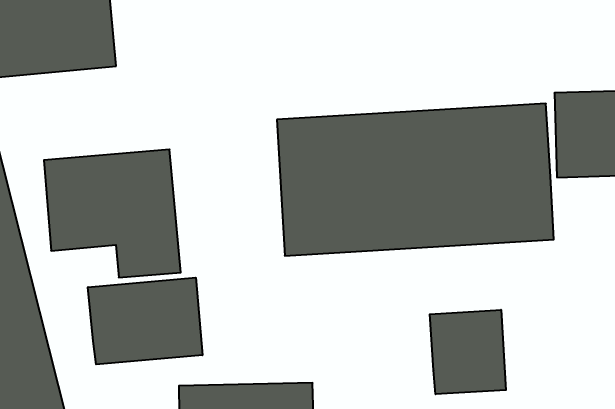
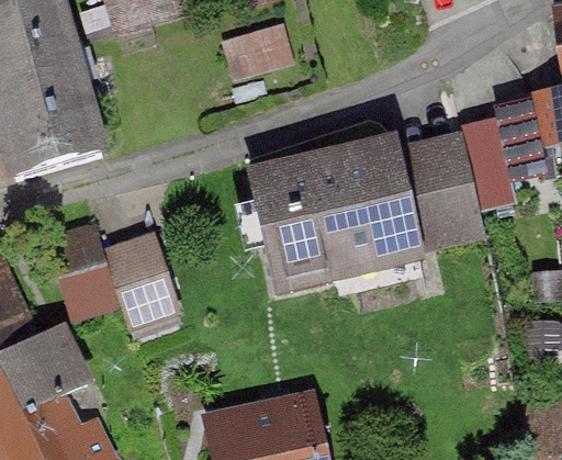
building: [88,278,202,364] -> none
building: [430,310,506,394] -> none

